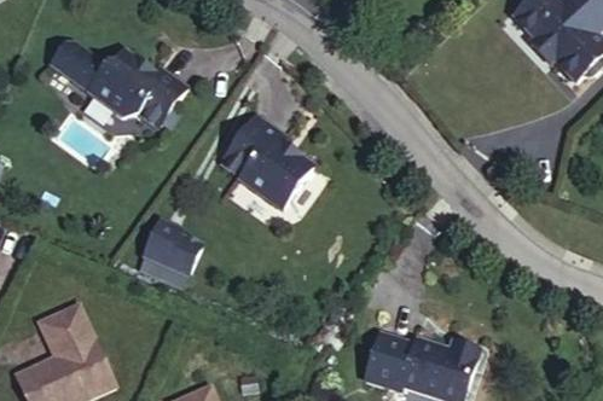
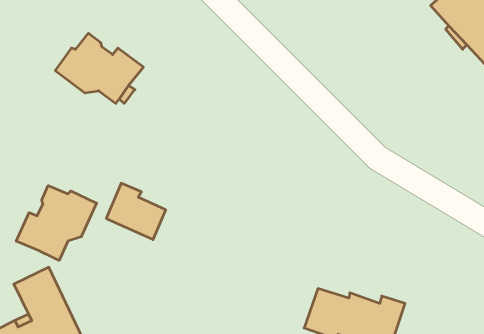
building: [48,37,108,88] -> none
building: [220,112,313,205] -> none
building: none -> [16,186,97,260]

